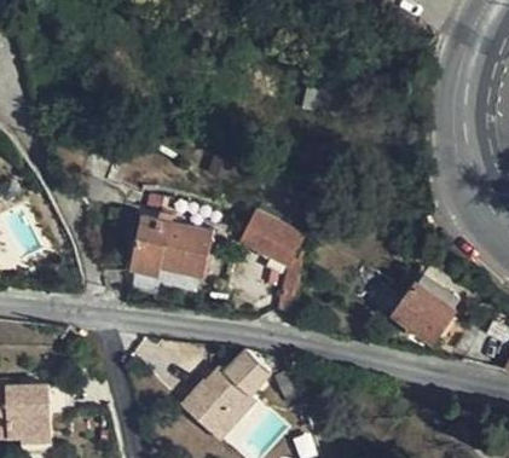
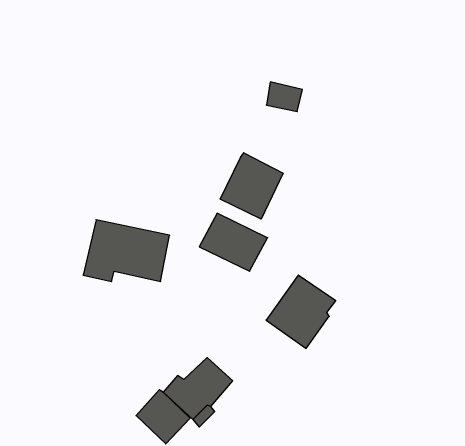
building: none -> [220,153,283,219]
building: [393,274,458,343] -> [266,275,336,348]

